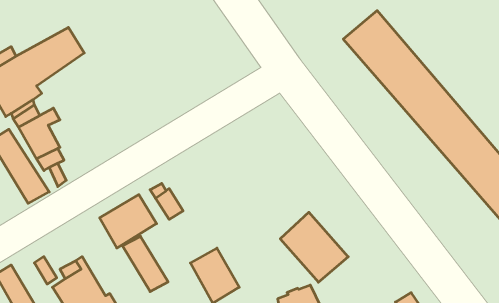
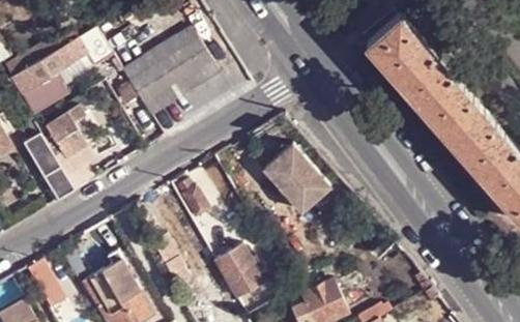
building: none -> [123,28,219,115]
building: [100,195,157,248] -> none
building: [280,212,348,282] -> [264,146,330,214]

